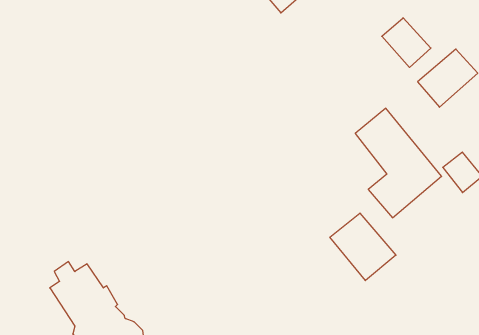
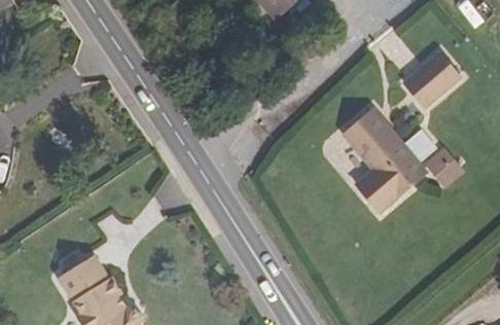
building: [382,18,431,67] -> none
building: [330,213,396,281] -> none

